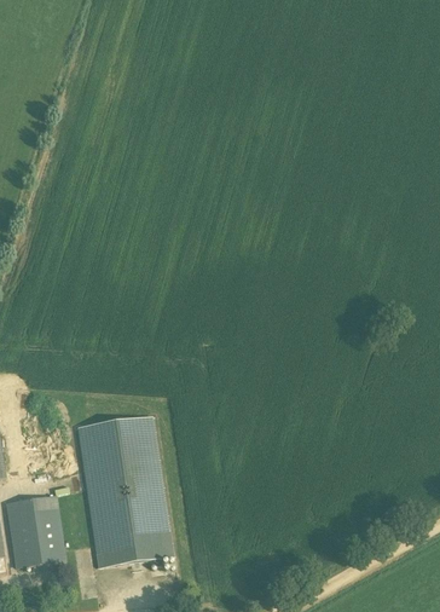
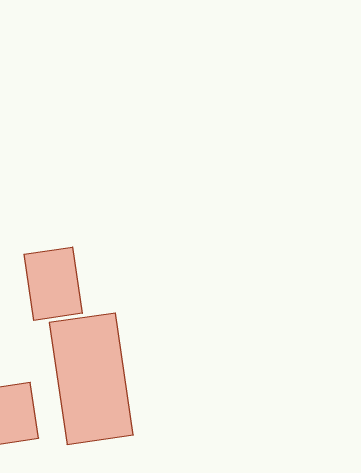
building: none -> [24,247,82,320]

